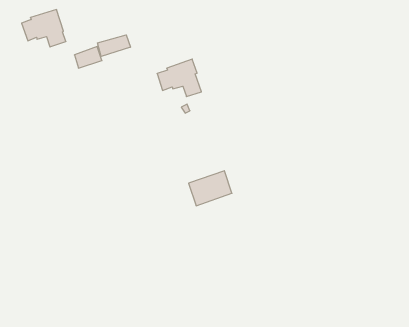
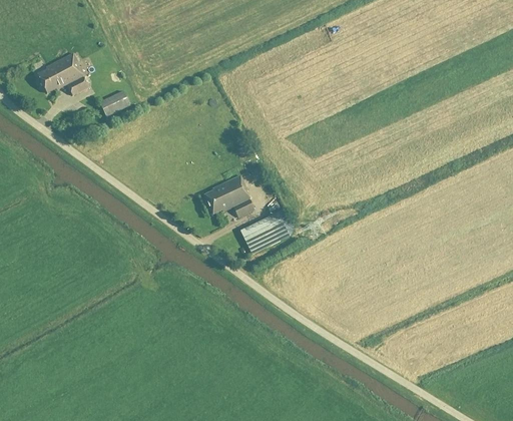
building: [97,35,130,56] -> none
building: [157,59,201,97] -> [203,174,254,217]

